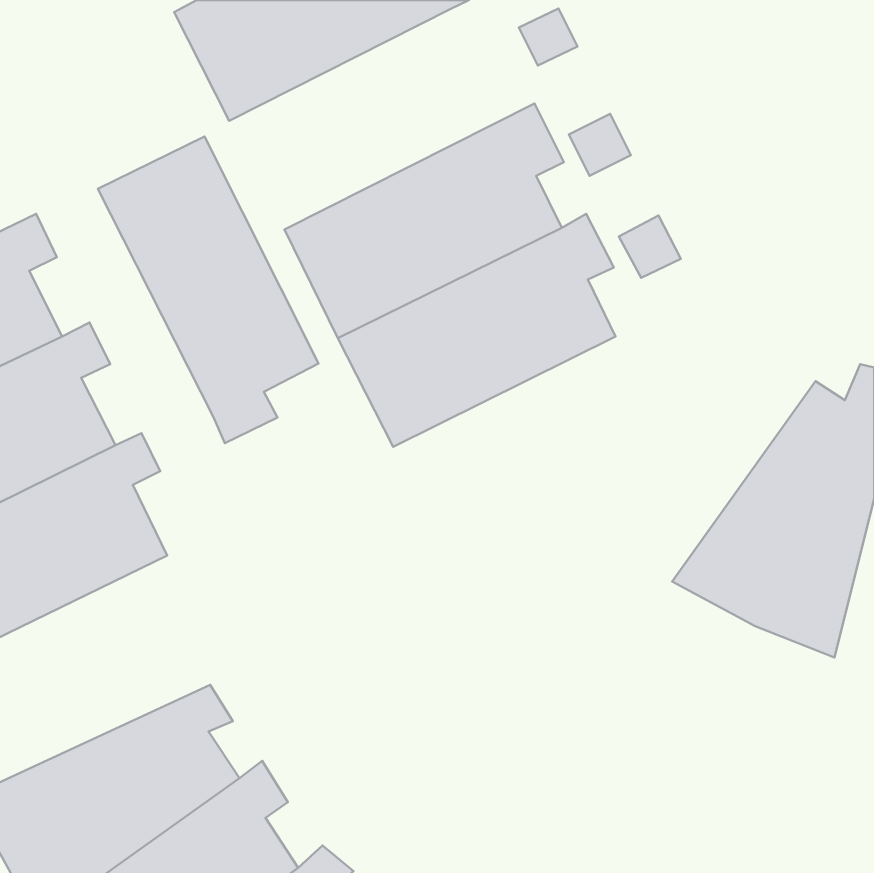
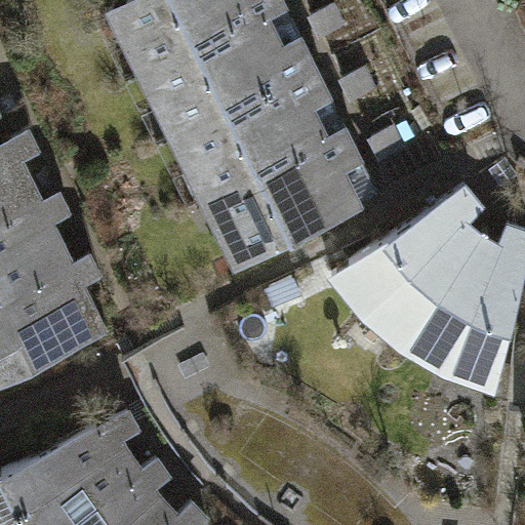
building: none -> [136,10,318,142]
building: [98,136,319,443] -> none
building: none -> [328,185,485,351]

